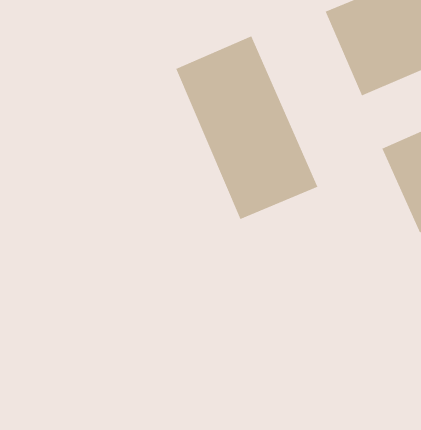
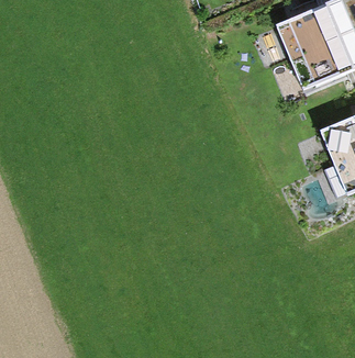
building: [176,36,318,220] -> none

